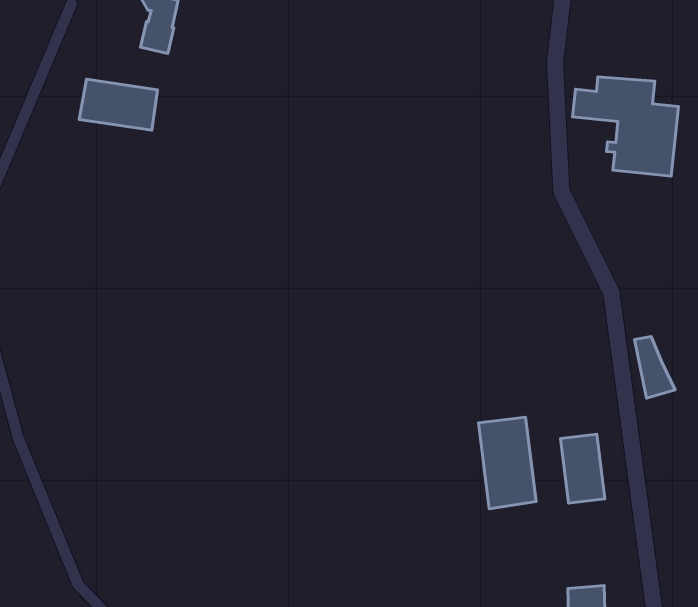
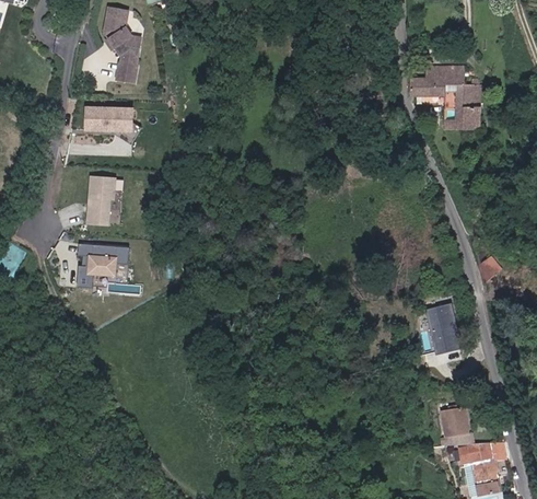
building: none -> [85,176,122,223]
building: none -> [75,244,129,288]
building: [479,417,536,509] -> none

